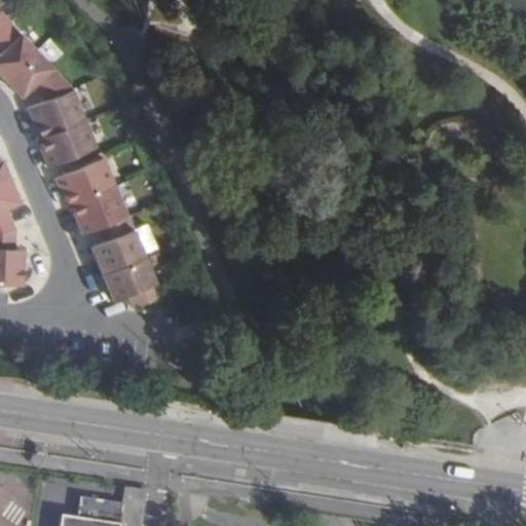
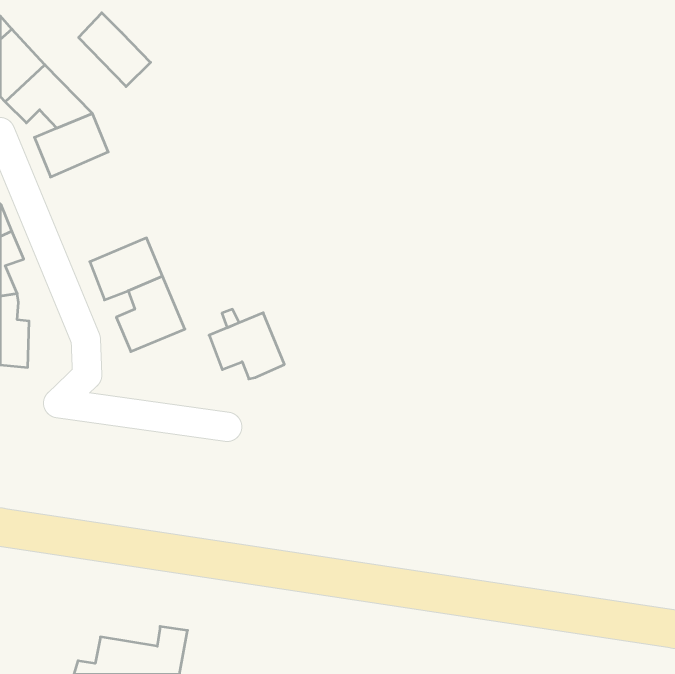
building: none -> [79,13,151,87]
building: [36,118,96,166] -> none
building: [54,157,114,205] -> none
building: [102,256,160,307] -> [209,313,284,379]

